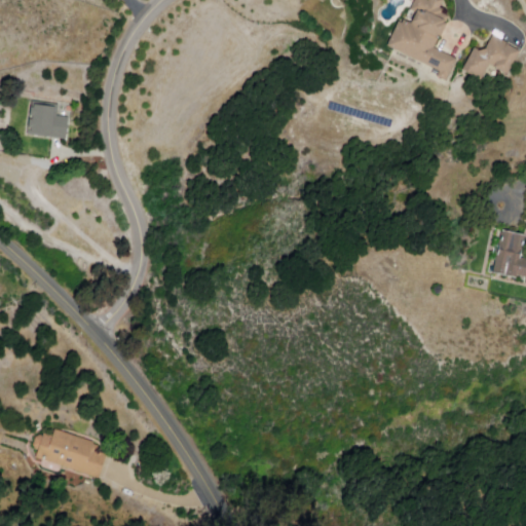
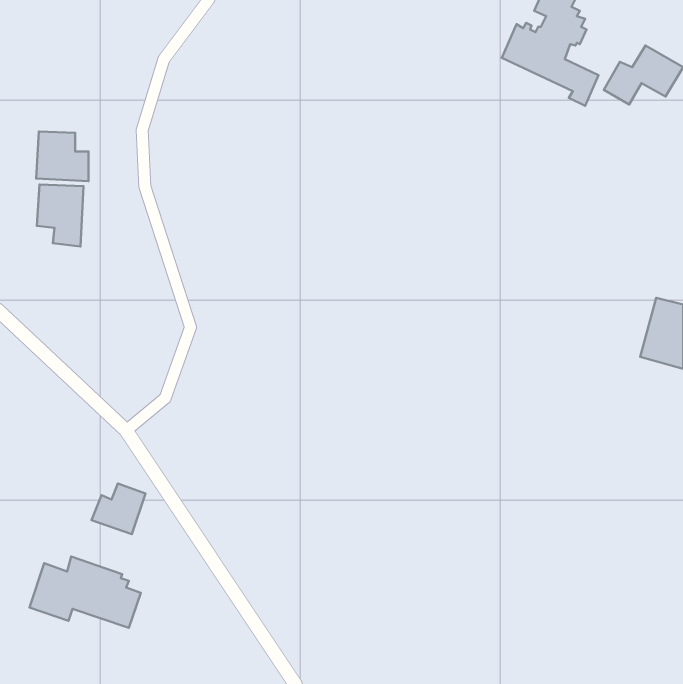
building: none -> [37,184,83,246]
building: none -> [92,483,146,534]

